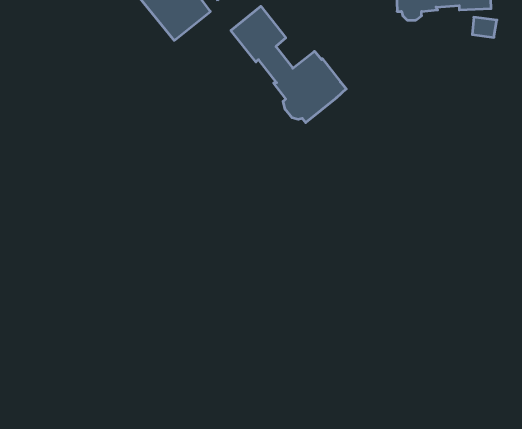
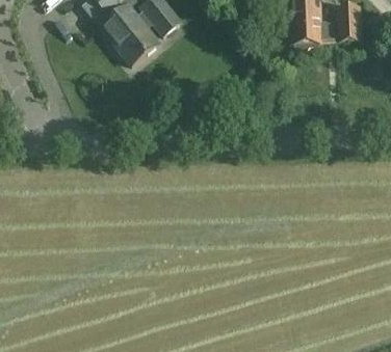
building: [231,6,346,123] -> none

